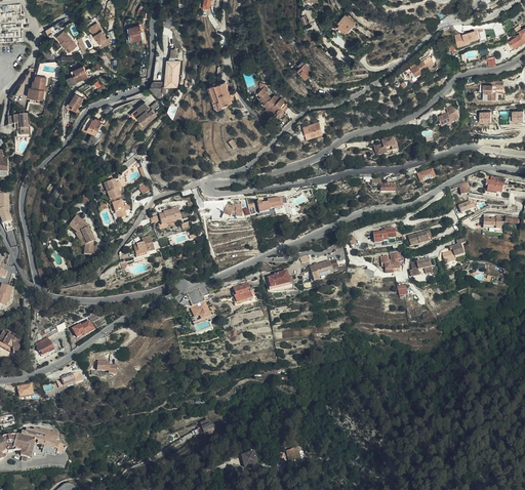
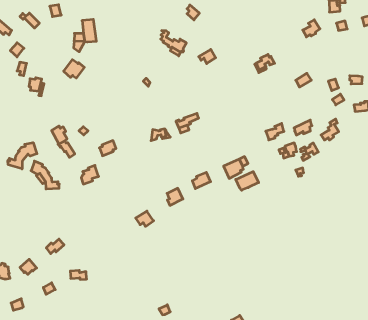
building: [211,79,233,106] -> none
building: none -> [8,143,37,169]
building: none -> [236,172,259,190]

